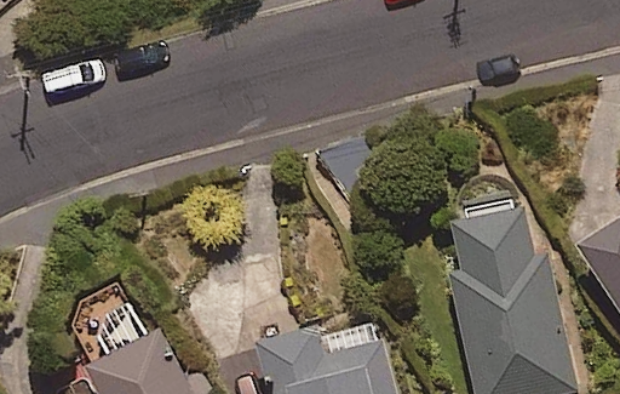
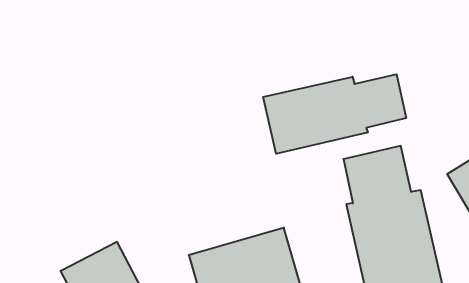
building: none -> [263,74,406,154]

